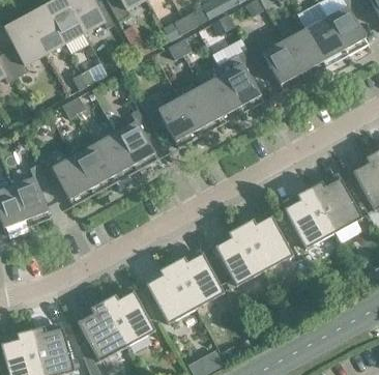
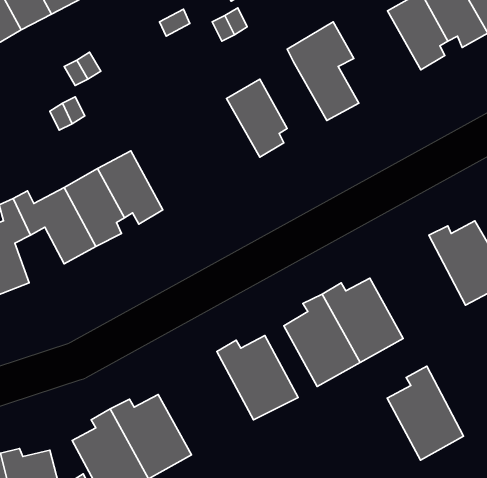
building: [246,40,303,90] -> none
building: [199,74,242,121] -> none
building: [142,97,199,147] -> none
building: [115,108,156,170] -> none
building: [283,186,332,248] -> [387,366,463,460]
building: [145,262,195,322] -> none

